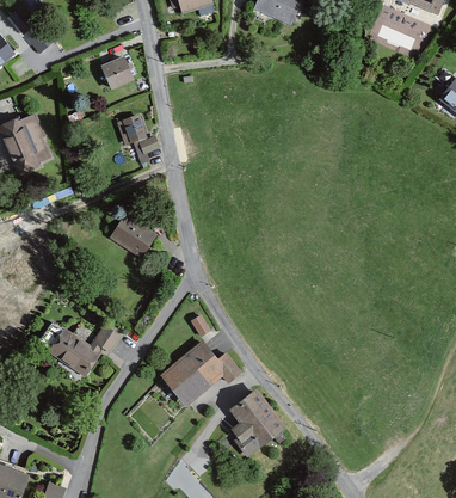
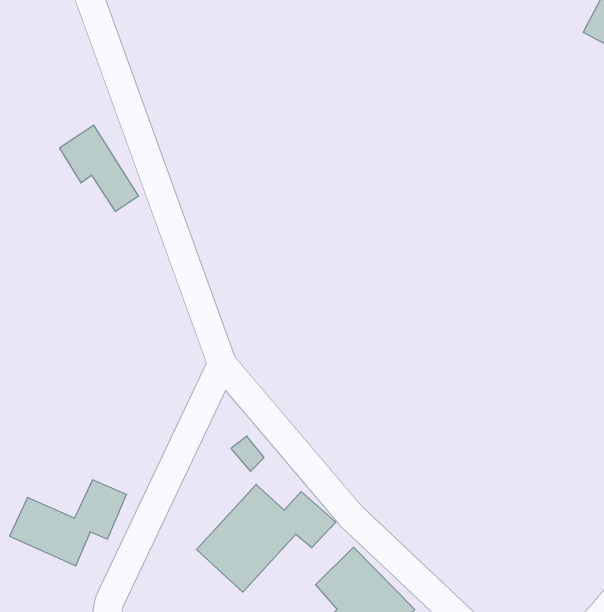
building: [99,57,133,88] -> none
building: [109,214,154,256] -> none

